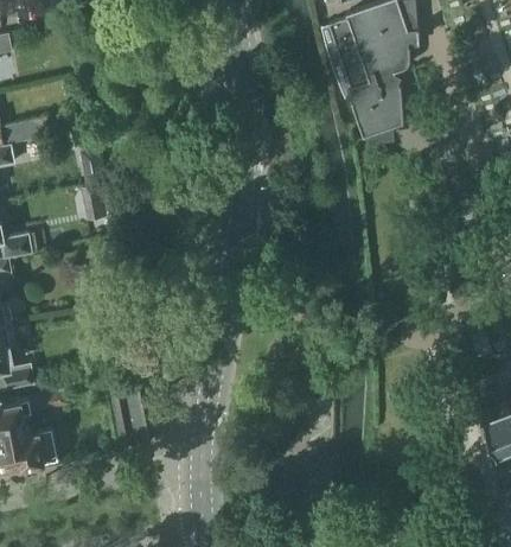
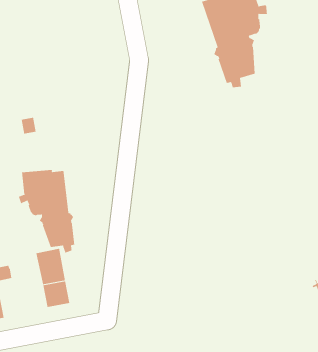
building: none -> [18,169,75,253]

